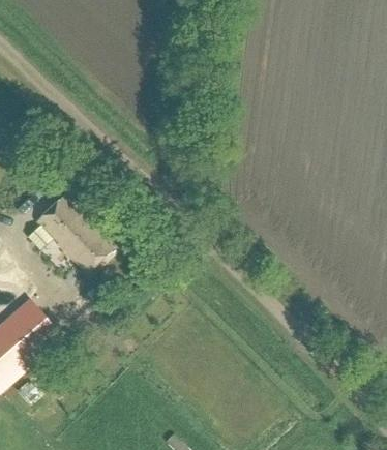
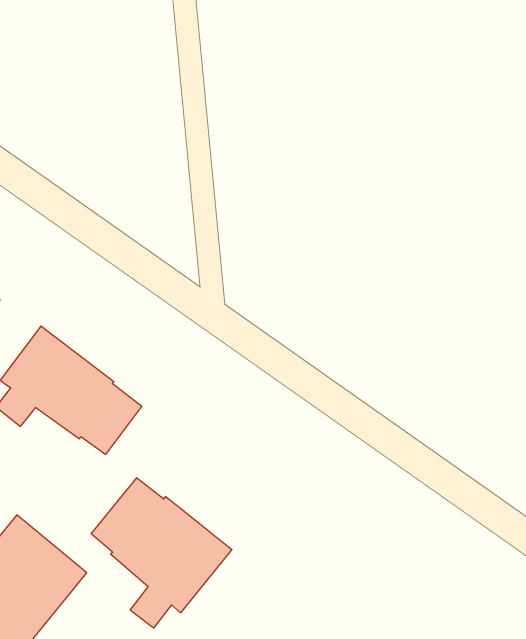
building: none -> [91,478,232,628]

